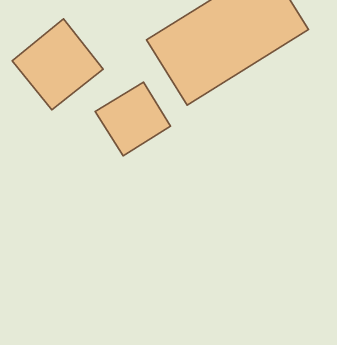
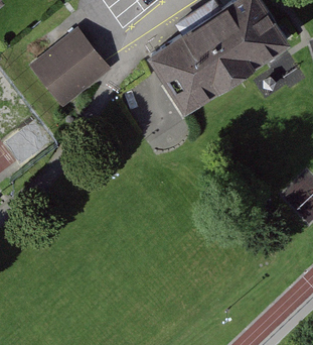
building: [95,82,171,156] -> none

